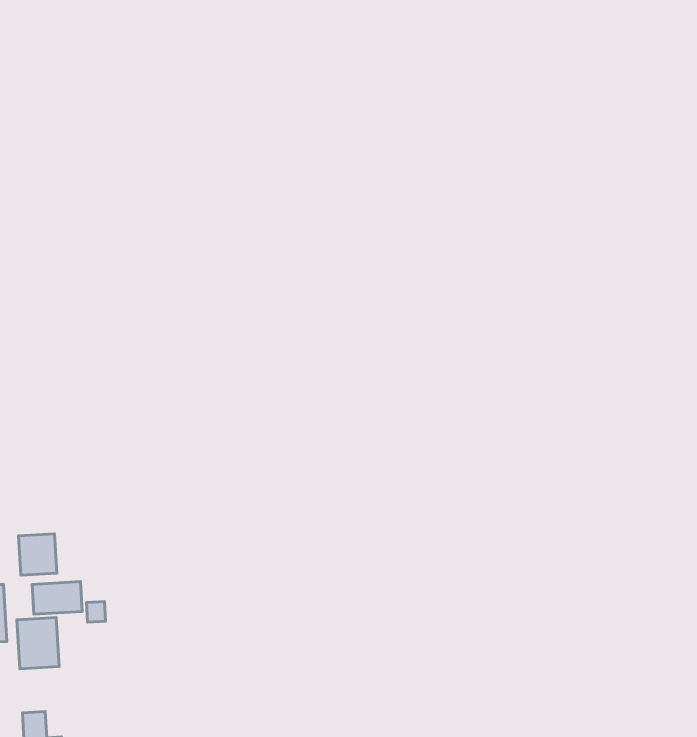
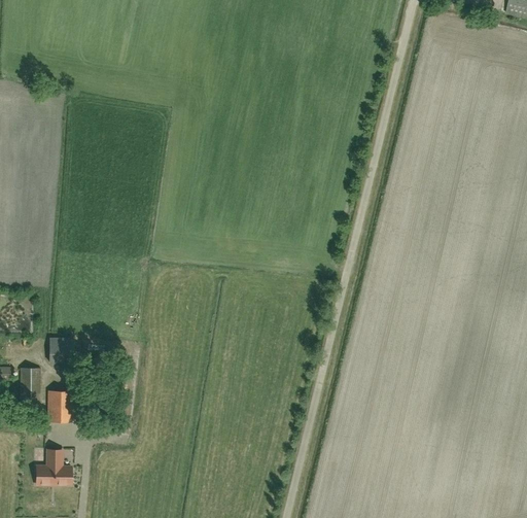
building: [32,582,82,614] -> none

